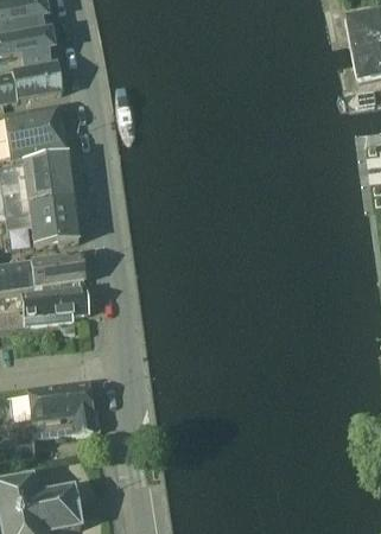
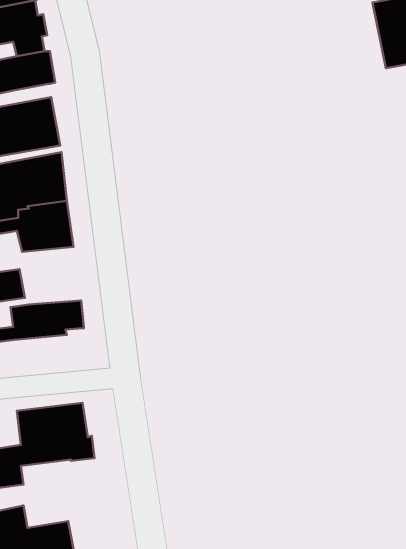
building: [31,253,84,286] -> none

